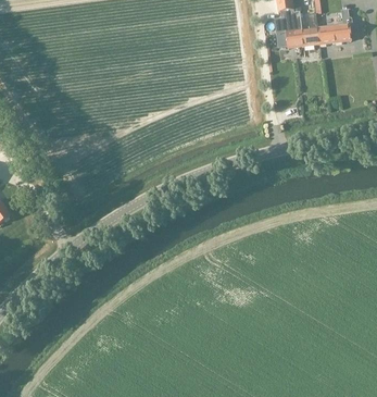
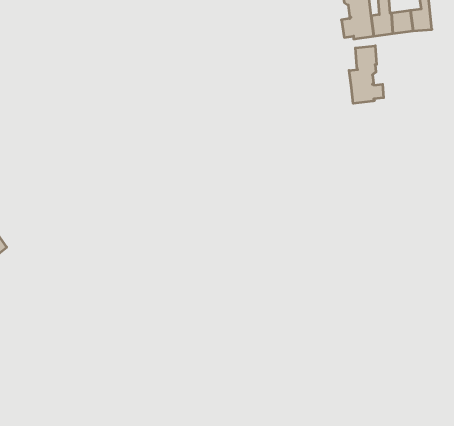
building: none -> [349,46,384,103]

